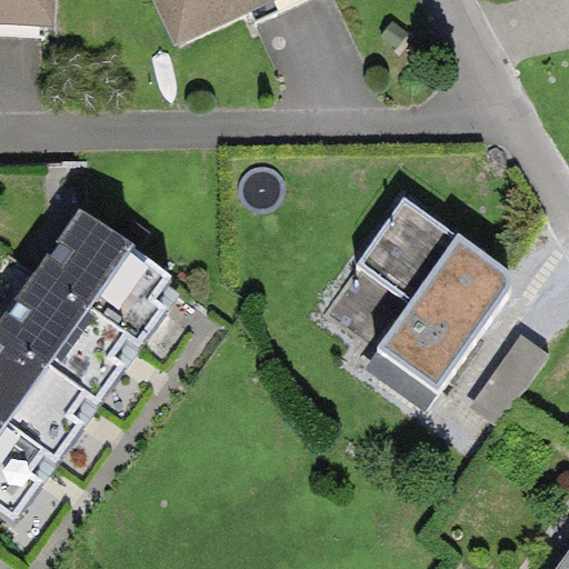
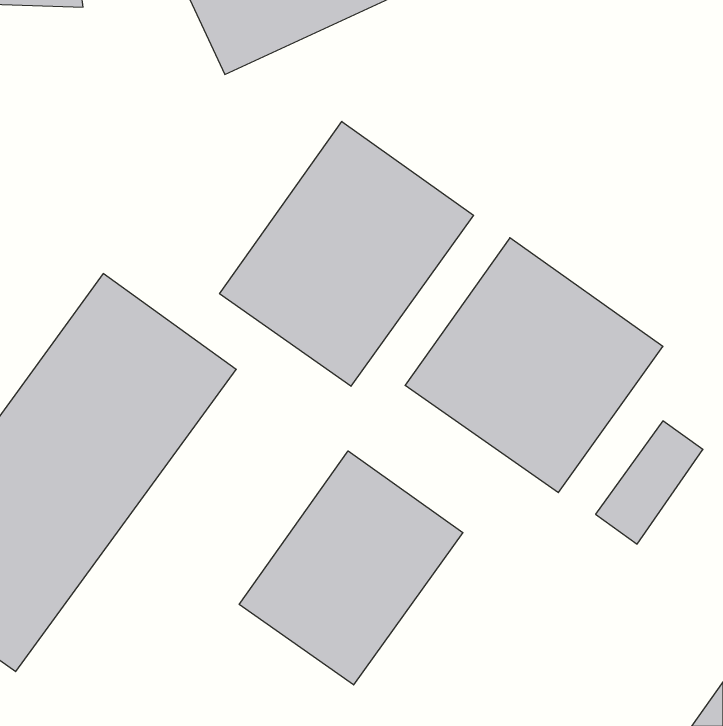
building: none -> [220,121,474,386]
building: none -> [239,451,463,685]

